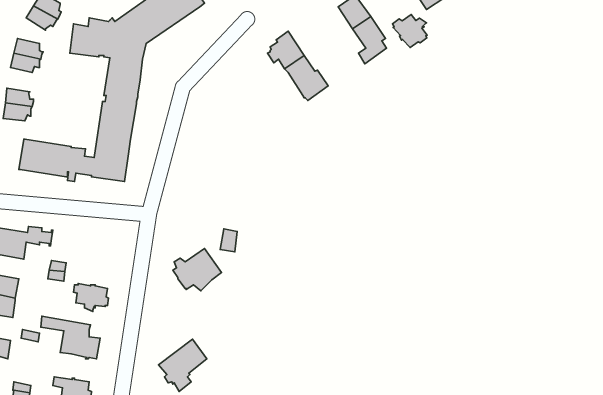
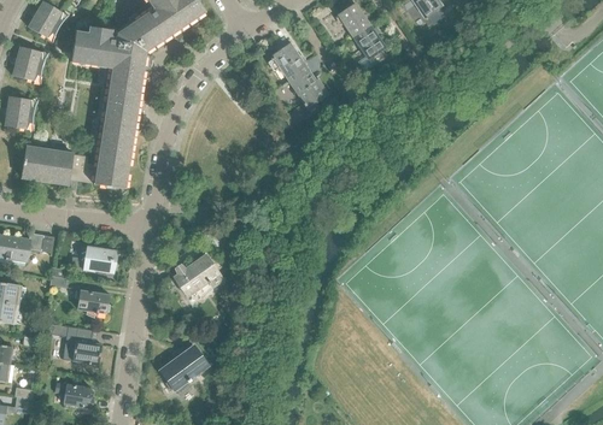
building: [393,14,427,48] -> none
building: none -> [71,246,116,276]

